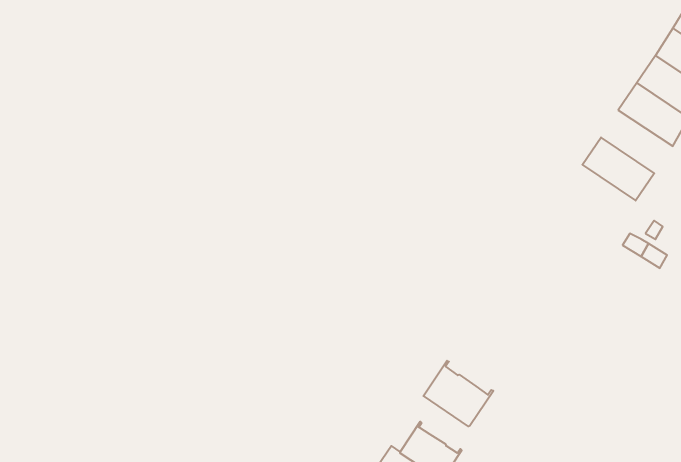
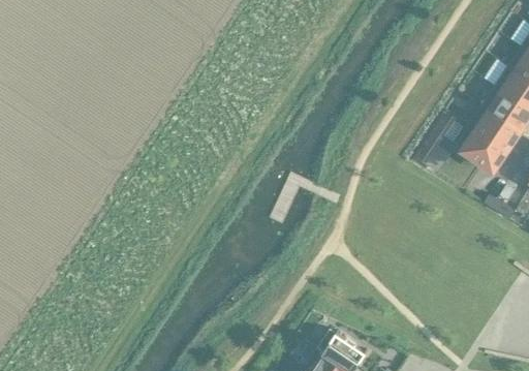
building: none -> [467,107,519,153]
building: [423,361,493,426] -> none

